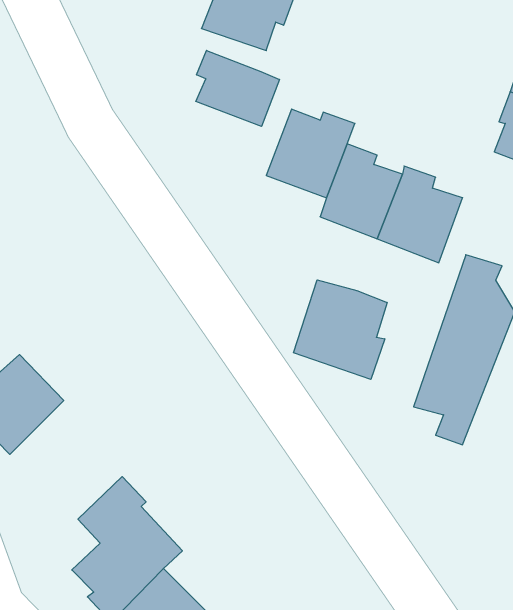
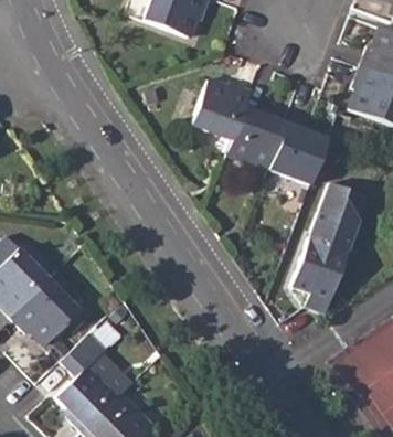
building: [196,50,279,126] -> none
building: [293,280,387,379] -> none
building: none -> [11,280,79,344]

